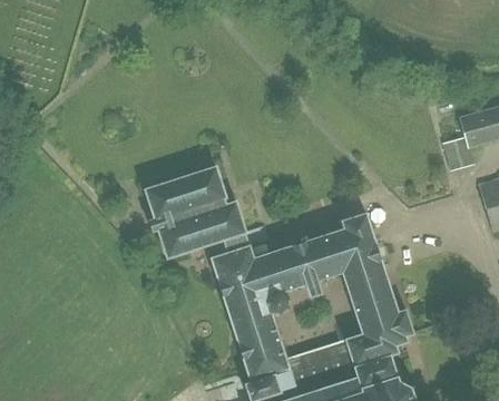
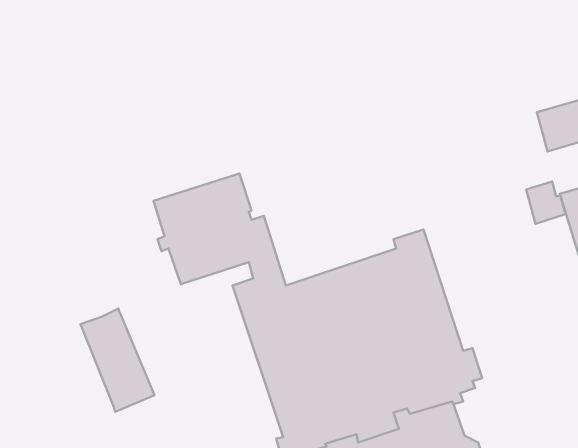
building: [442,136,474,170] -> [526,181,566,224]
building: none -> [81,309,154,412]

